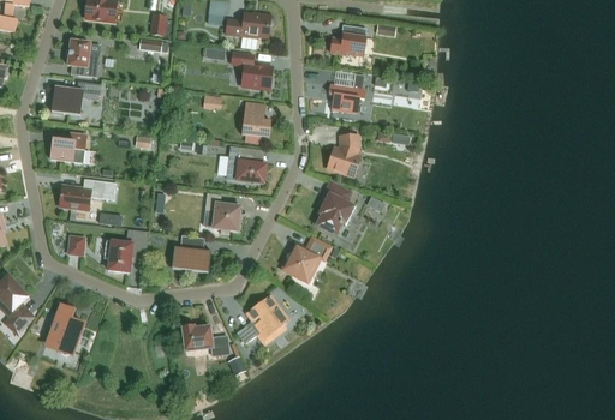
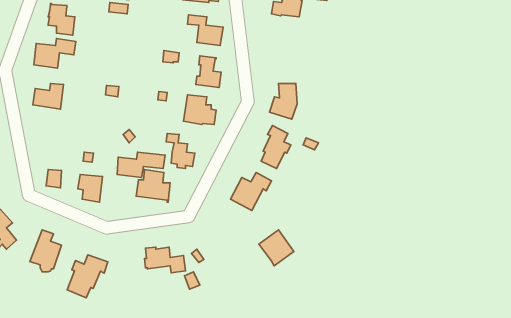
building: [329,73,365,113] -> none
building: [60,180,117,210] -> [117,152,165,178]
building: [247,295,288,337] -> [259,230,294,266]
building: none -> [67,255,108,298]

